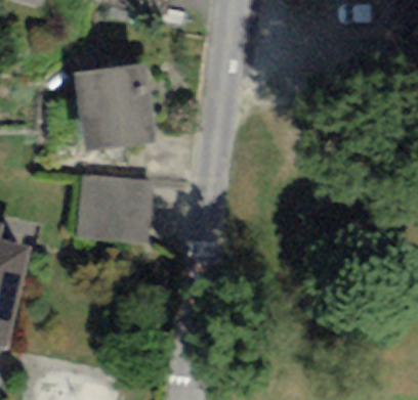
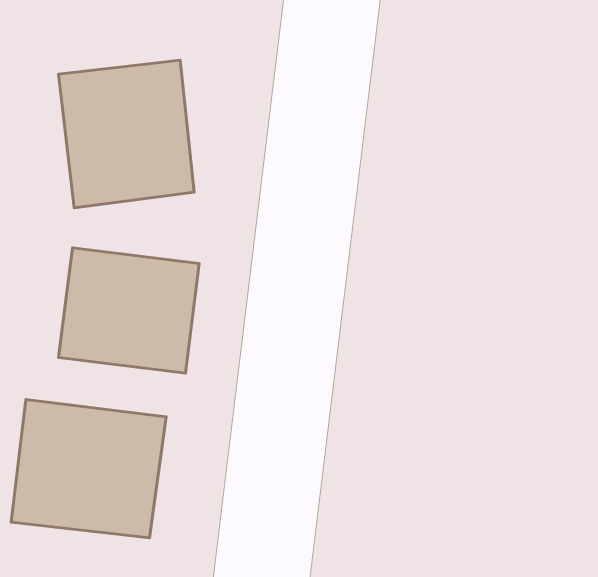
building: none -> [11,399,166,538]

